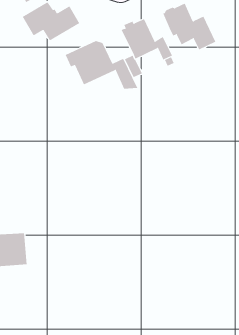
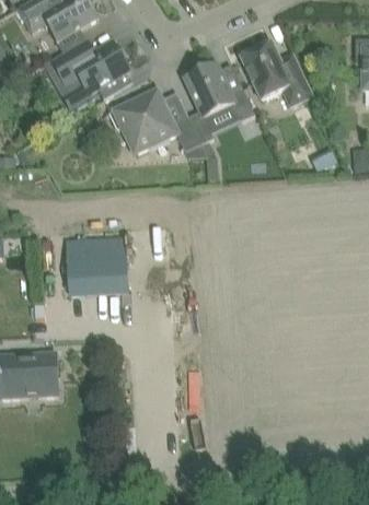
building: none -> [68,237,128,295]

